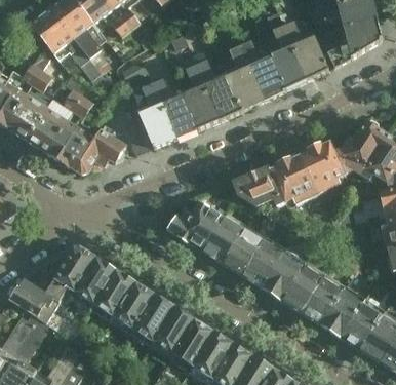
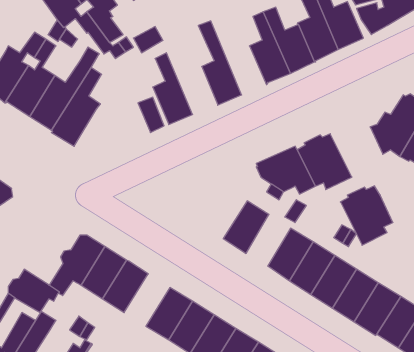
building: [191,48,241,120] -> none
building: [151,78,197,138] -> none
building: [68,123,125,174] -> none
building: [299,141,346,194] -> [340,186,393,245]
building: [167,200,224,251] -> none
building: [223,228,263,274] -> none
building: [113,281,154,329] -> none

